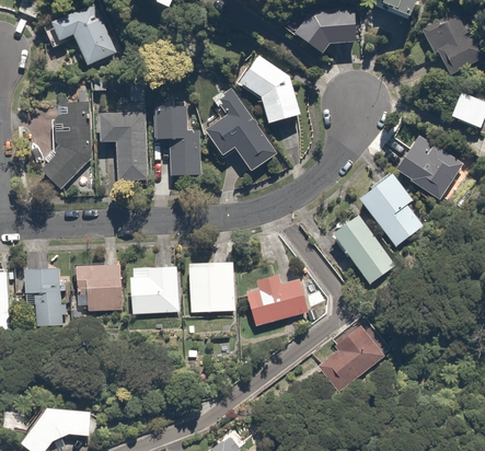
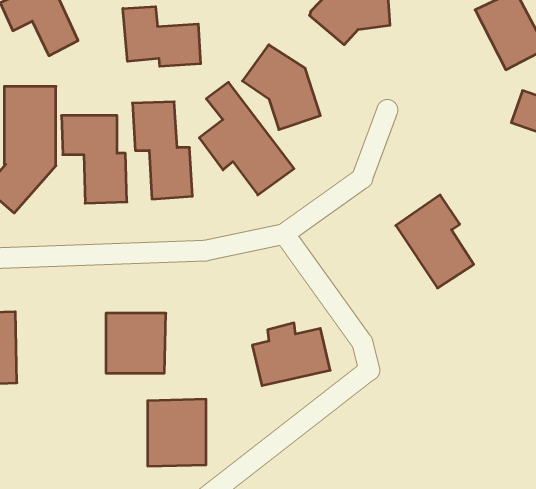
building: none -> [123,7,201,66]
building: [399,139,461,198] -> none
building: [333,211,395,279] -> none
building: [188,261,234,313] -> [148,399,206,466]
building: [79,264,118,313] -> none
building: [319,324,385,392] -> none

